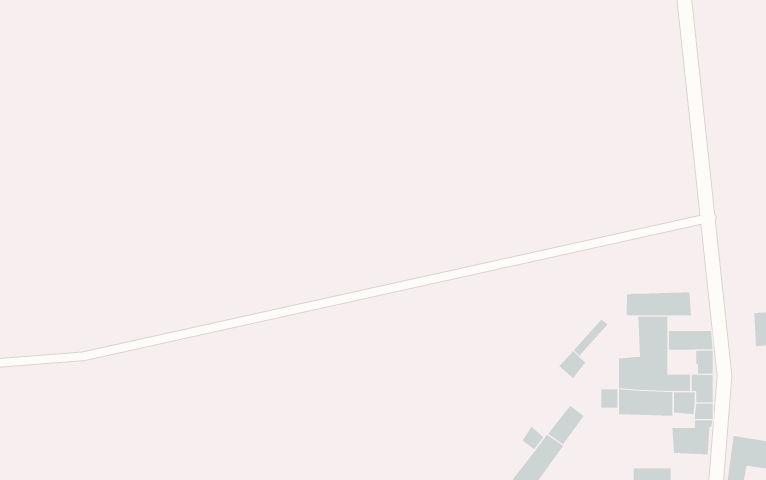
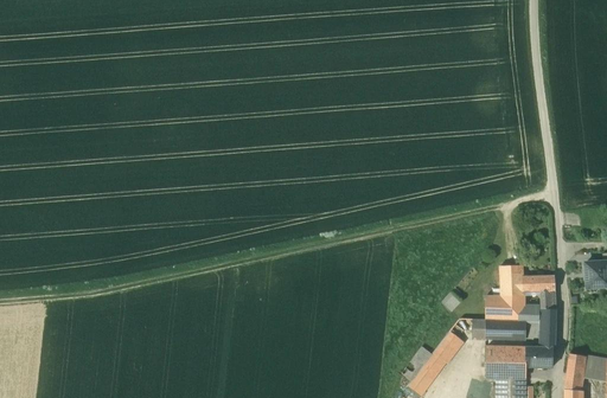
building: [626,292,691,316] -> none
building: none -> [485,347,526,377]

